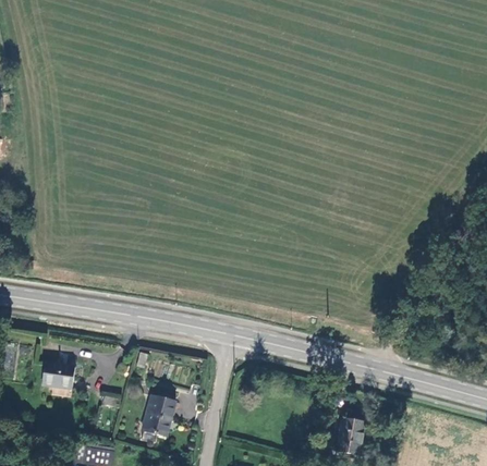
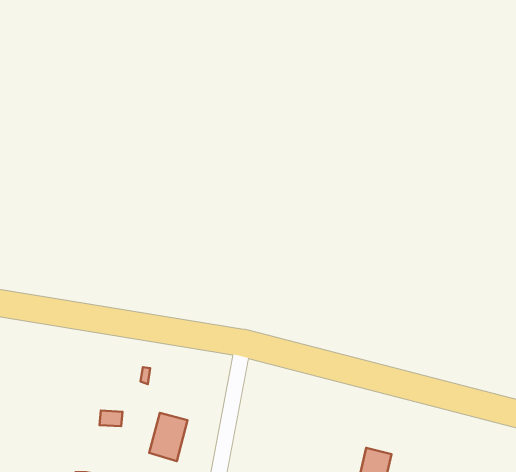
building: [39,363,73,389] -> none

